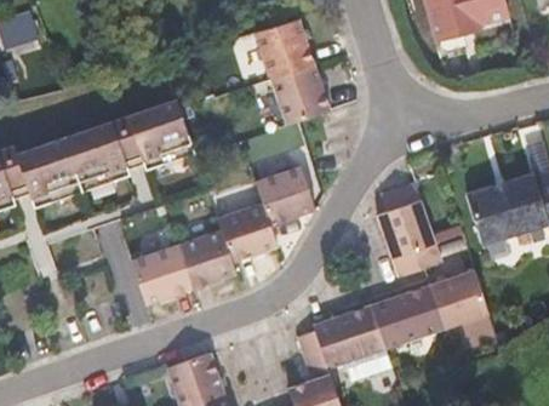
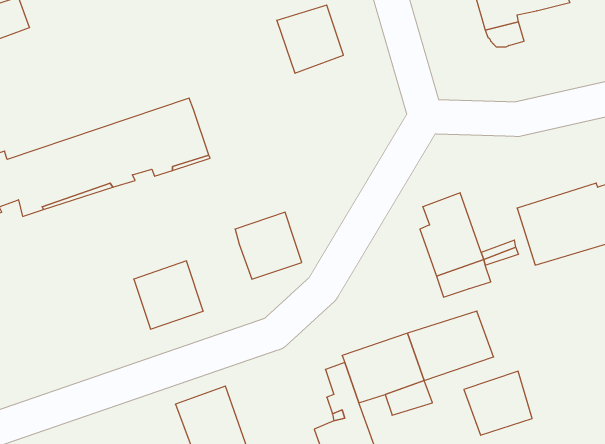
building: [270,63,328,124] -> none
building: [252,155,313,222] -> none
building: [176,228,236,286] -> none
building: [429,270,488,326] -> [464,371,532,435]

